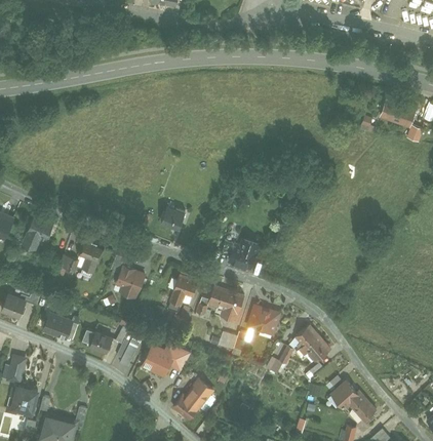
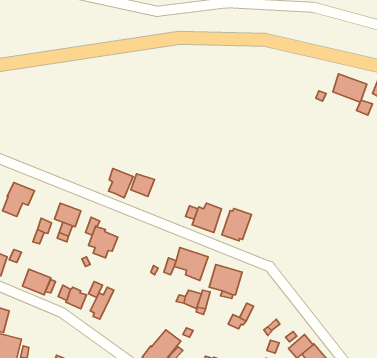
building: none -> [109,169,133,198]
building: none -> [222,208,251,241]
building: [168,274,198,305] -> none
building: [293,326,329,363] -> none
building: [141,339,190,376] -> none

